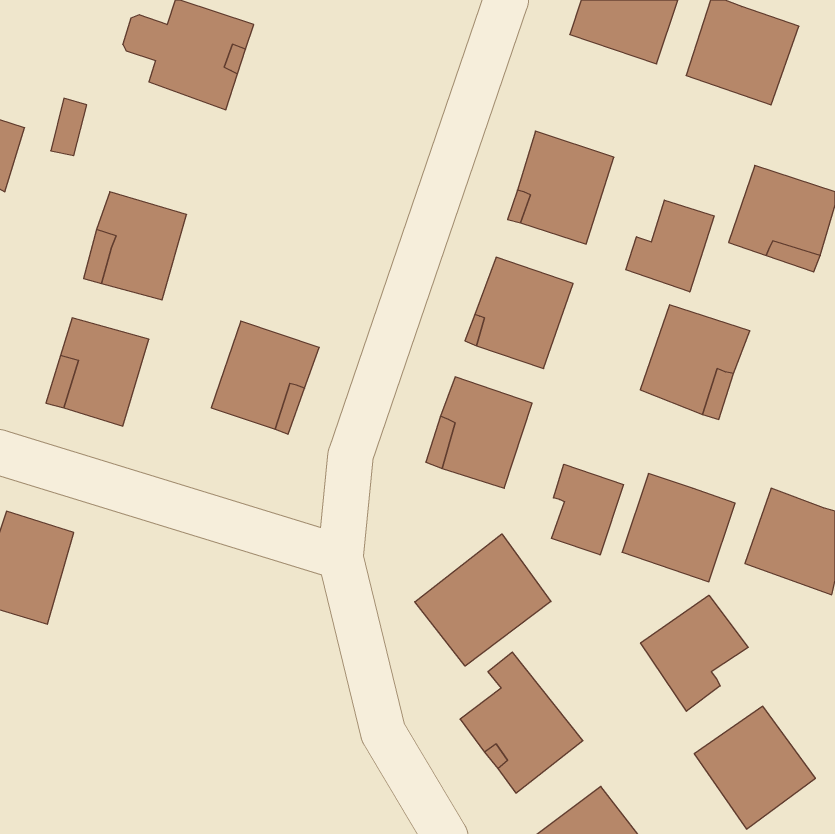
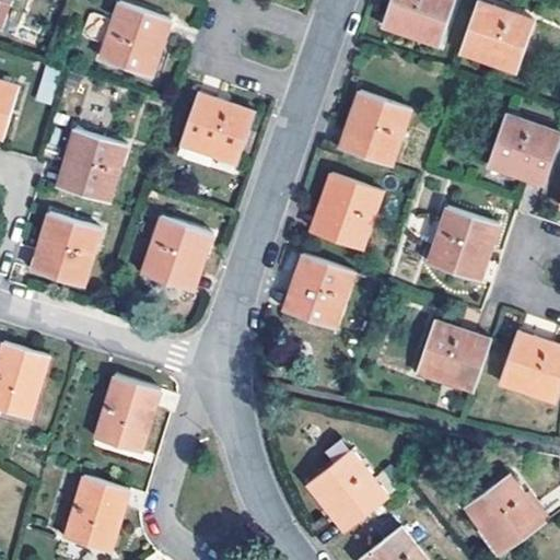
building: none -> [179,94,253,164]
building: [626,200,714,292] -> none
building: [552,464,624,555] -> none
building: [415,534,551,666] -> none
building: none -> [95,377,161,454]
building: [641,595,748,711] -> none
building: none -> [63,476,130,552]

